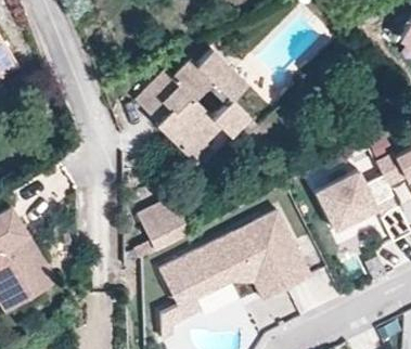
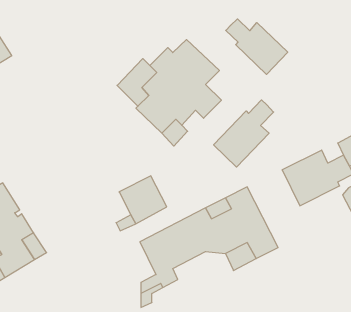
building: none -> [226,19,288,74]
building: none -> [214,100,274,167]

